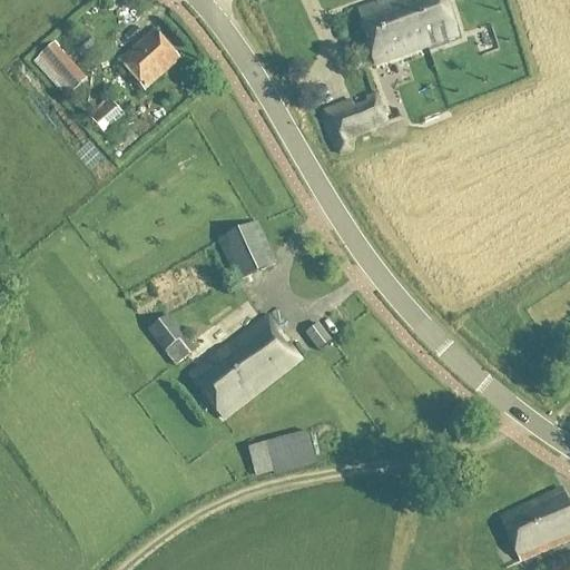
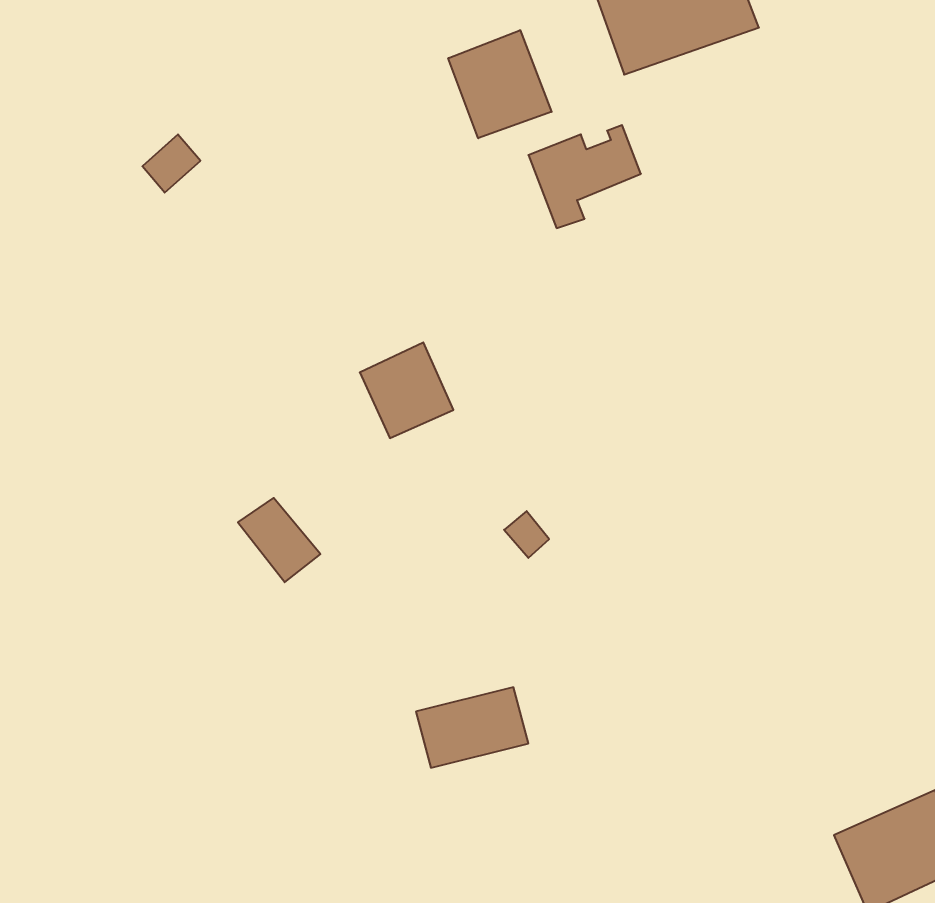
building: [121,29,179,87] -> none
building: none -> [448,30,552,138]
building: [35,40,88,96] -> none
building: [193,316,301,415] -> none

